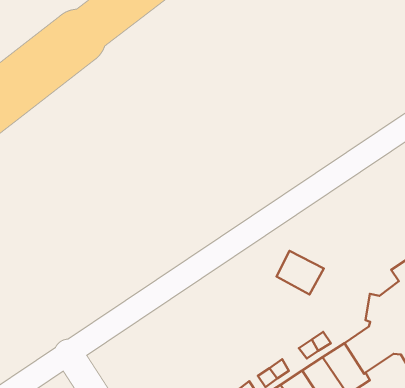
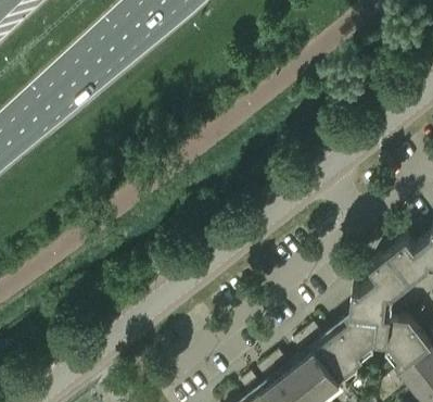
building: [277,251,324,295] -> none

